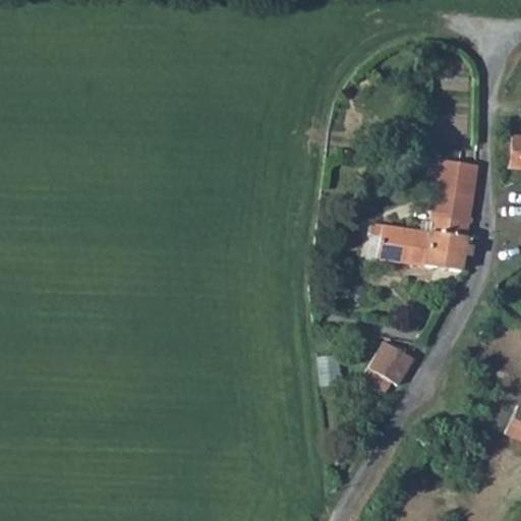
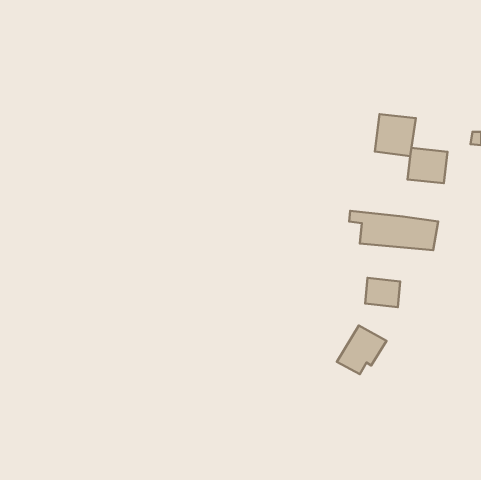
building: [429,191,473,236] -> [375,114,416,156]
building: none -> [365,278,400,307]

